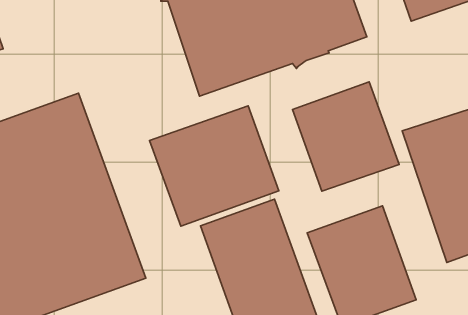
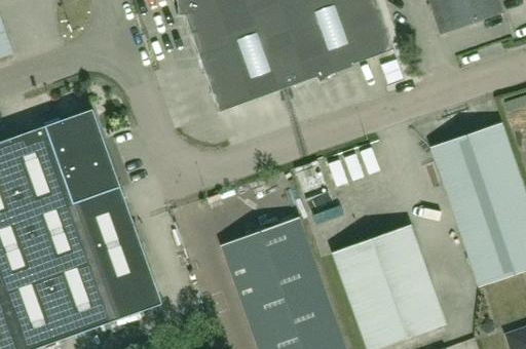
building: [293,82,399,191] -> none
building: [150,106,279,226] -> none

